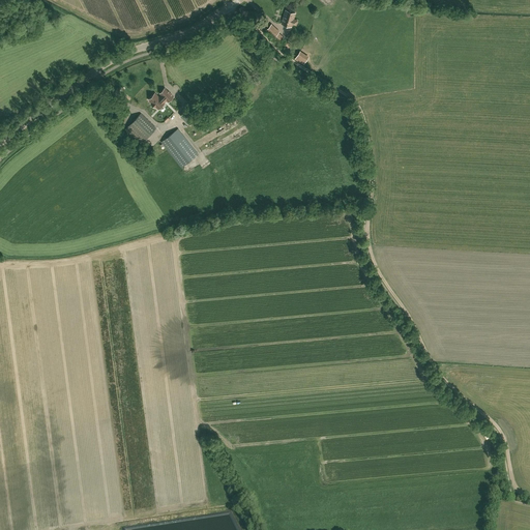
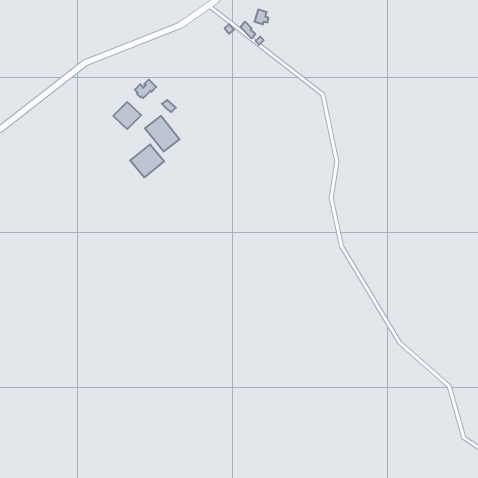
building: none -> [130,144,164,177]

